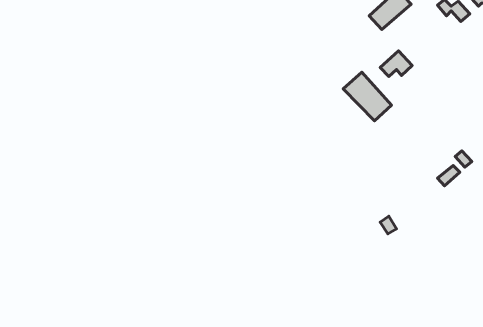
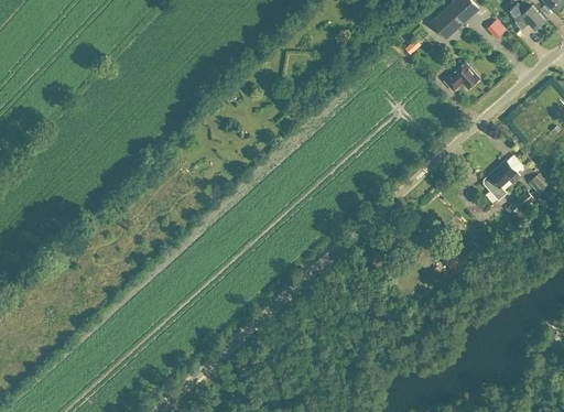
building: [343,72,392,121] -> none
building: none -> [482,159,520,200]

